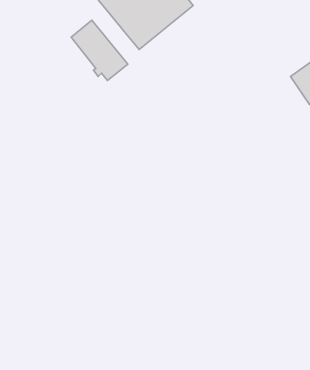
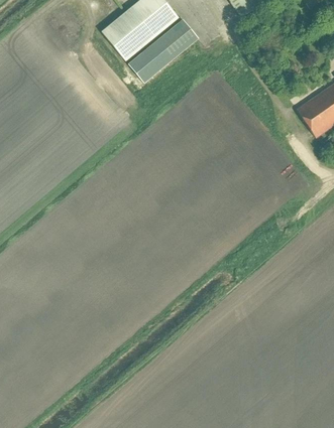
building: [71,20,128,81] -> none

